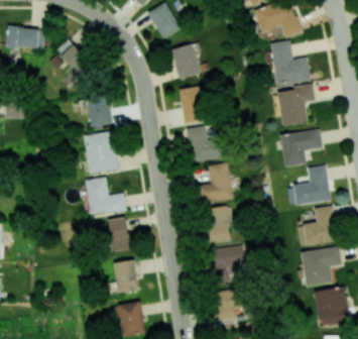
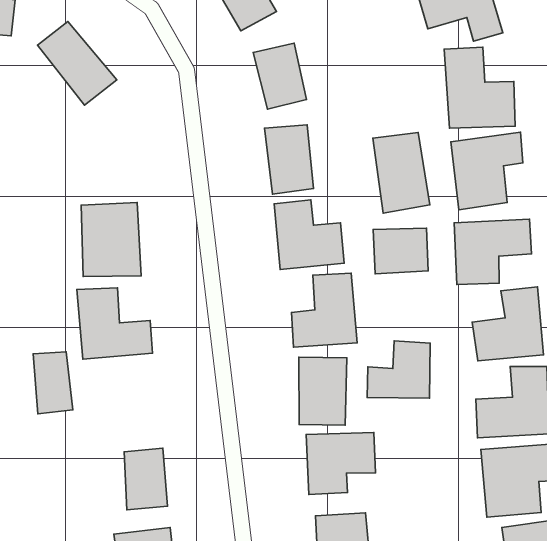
building: none -> [373,133,430,213]
building: [87,96,112,126] -> none
building: none -> [373,228,428,274]
building: none -> [367,341,430,398]
building: [108,217,130,250] -> [33,352,73,414]

